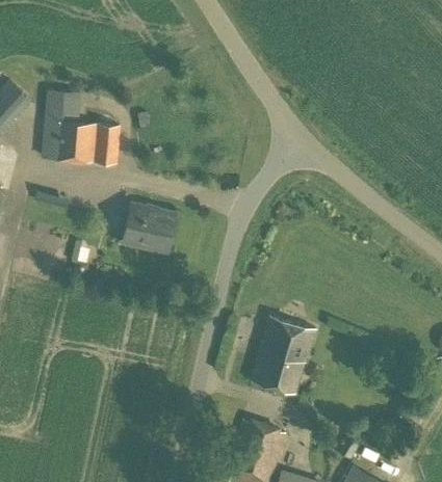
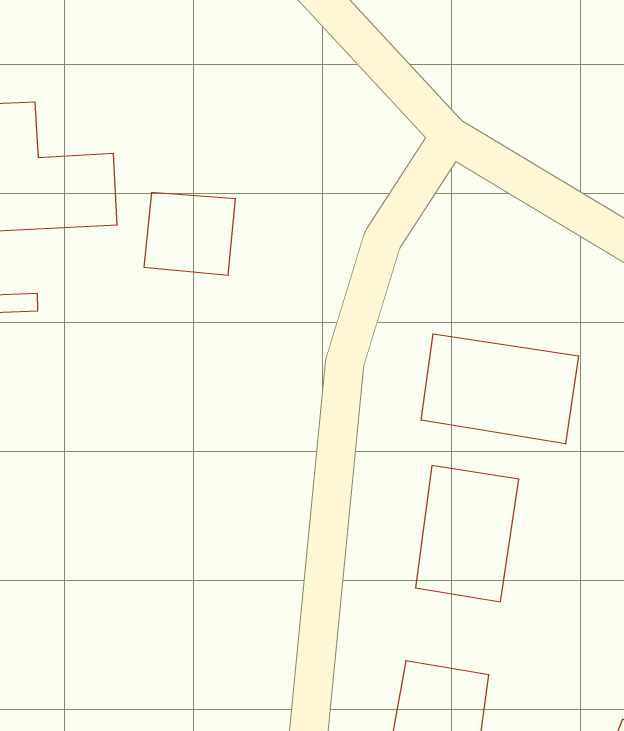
building: [123,204,177,253] -> [144,193,236,275]
building: none -> [421,334,578,444]

